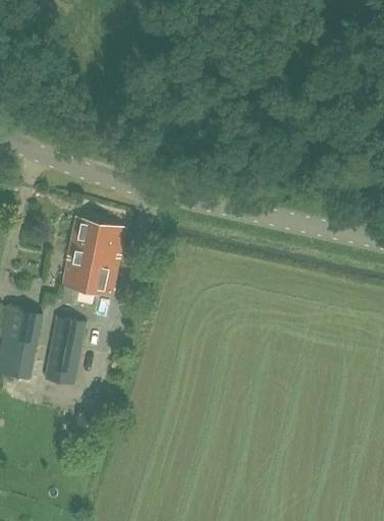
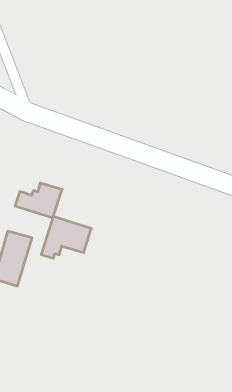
building: [66,219,125,271] -> [41,217,91,258]

